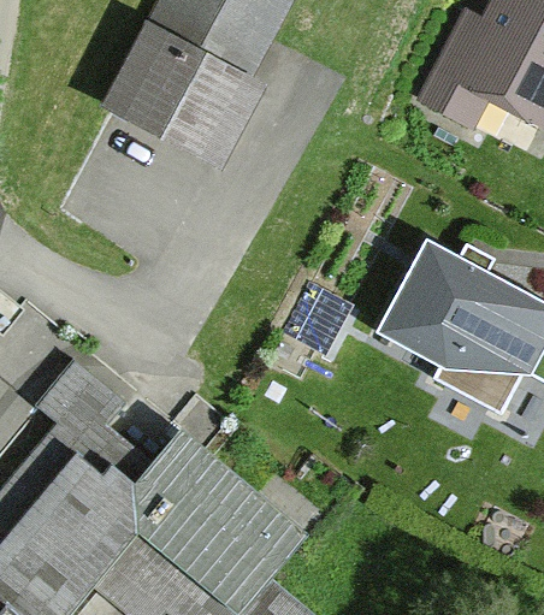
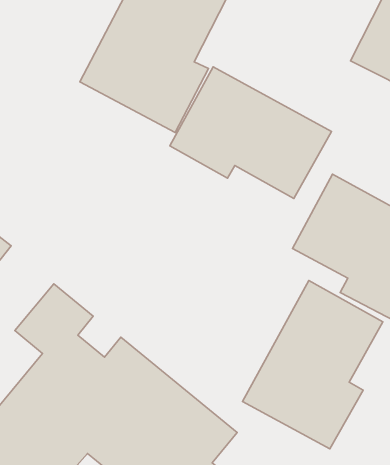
building: none -> [170,67,331,198]
building: none -> [243,281,383,449]

